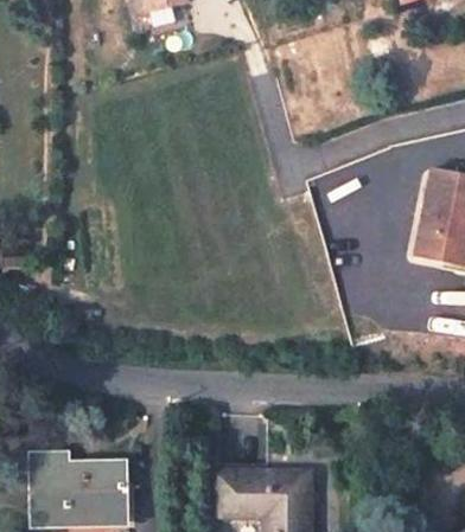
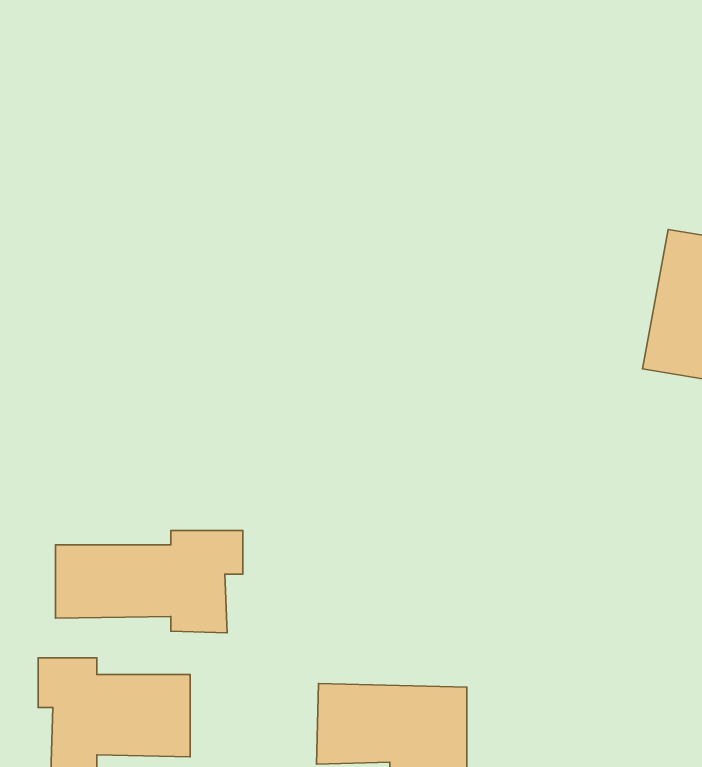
building: none -> [56,530,243,633]

